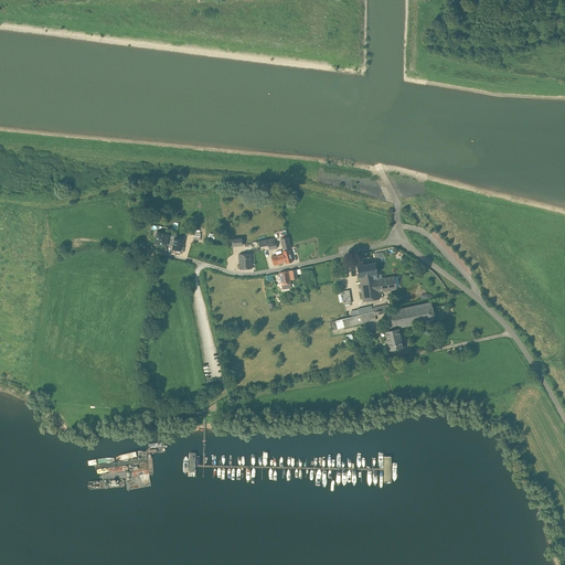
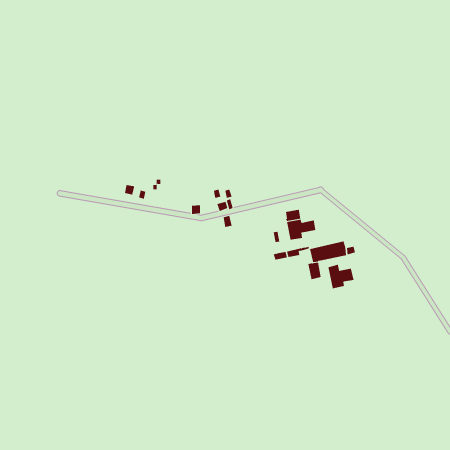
building: none -> [328,264,354,289]

